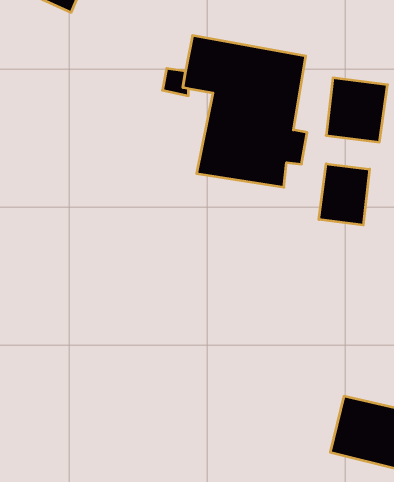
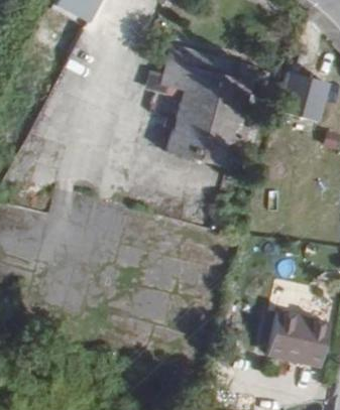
building: [319,164,370,225] -> none

